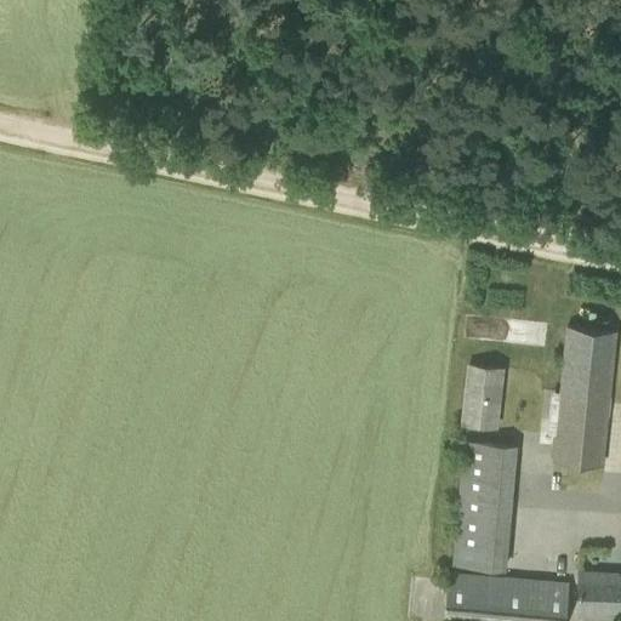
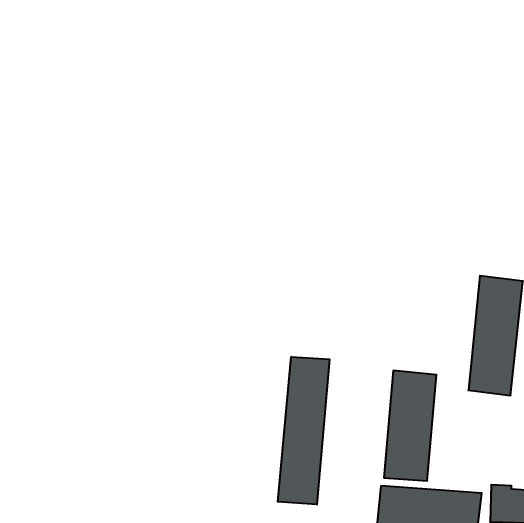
building: [461,365,507,432] -> none
building: none -> [278,357,329,505]

